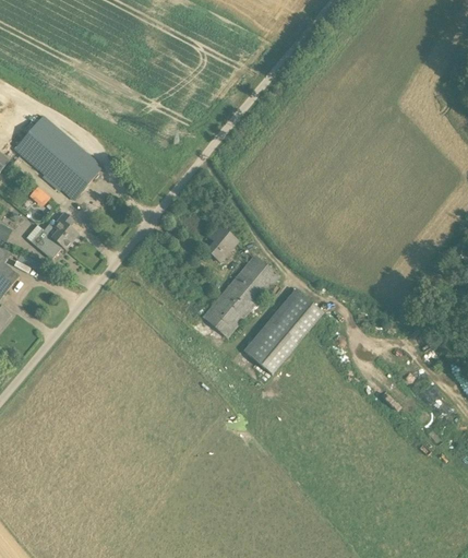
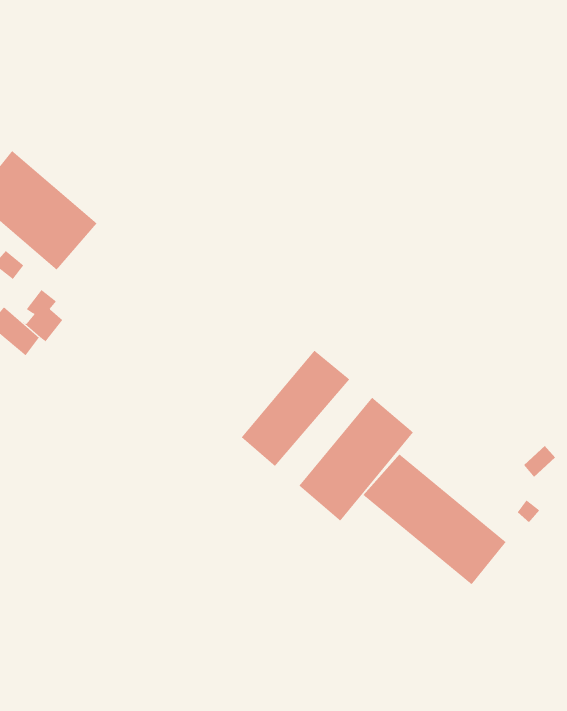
building: [205,225,236,261] -> none
building: none -> [362,453,506,585]

